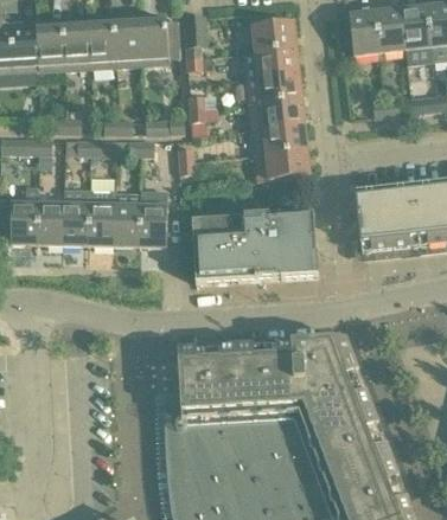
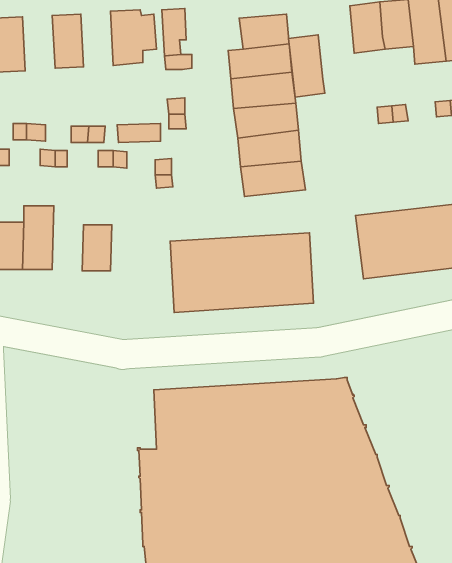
building: [113,18,141,66] -> none
building: [62,21,90,70] -> none
building: none -> [289,35,325,97]
building: [88,188,115,245] -> none
building: [140,191,167,246] -> none

